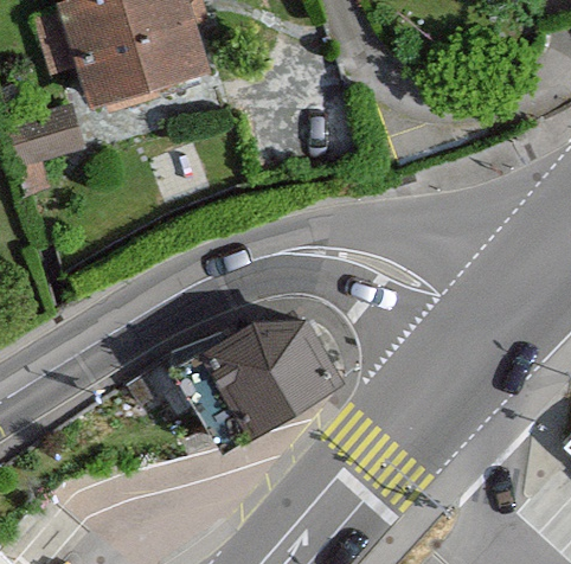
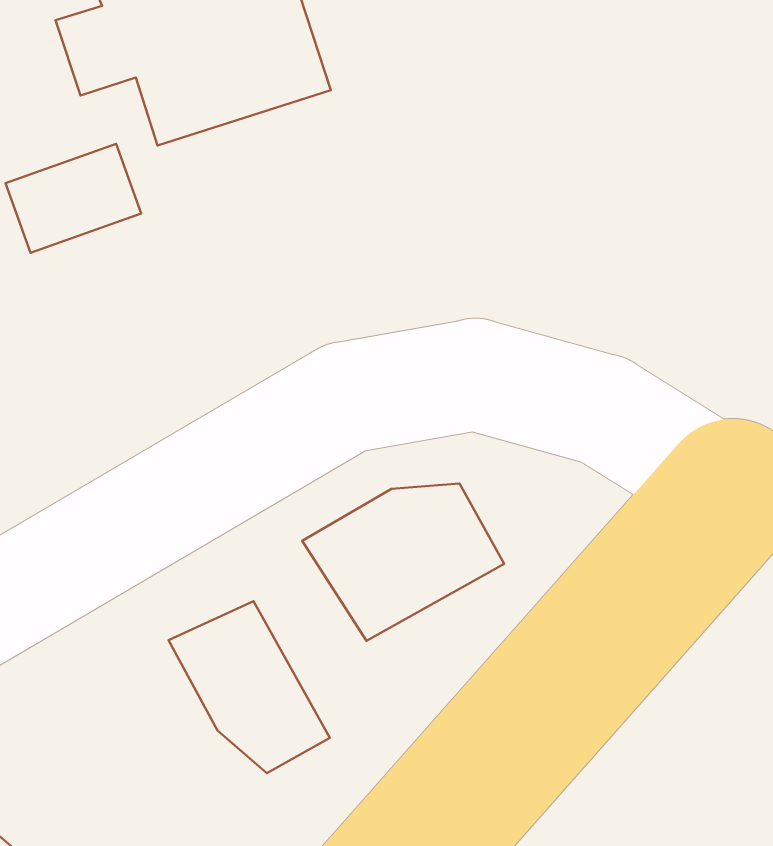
building: none -> [169,601,330,773]

